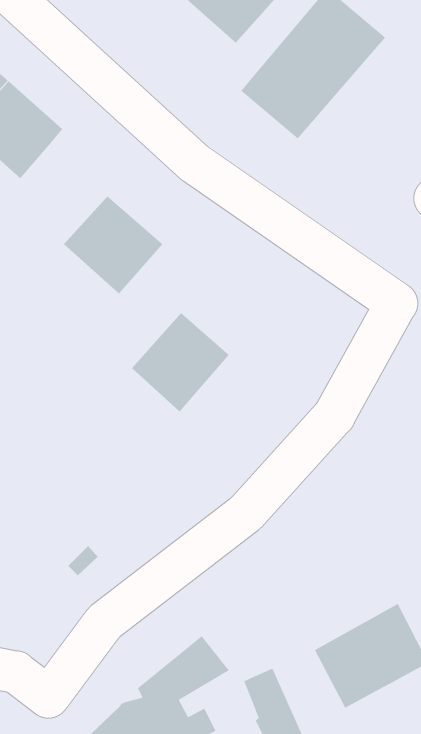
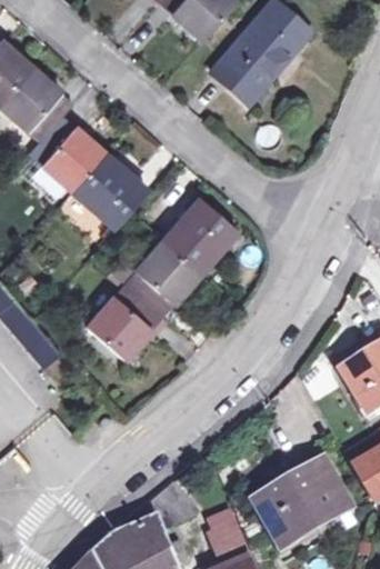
building: none -> [30,117,106,191]
building: none -> [161,199,236,274]
building: none -> [87,284,160,359]

